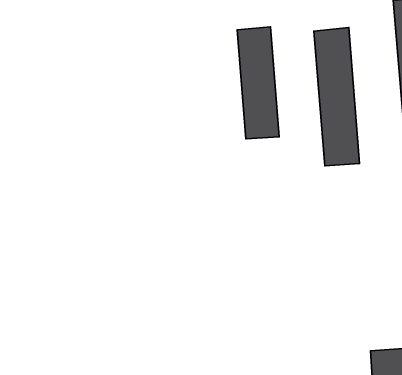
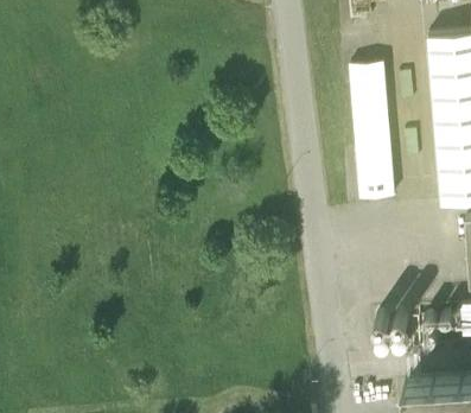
building: [237,27,279,139] -> none

